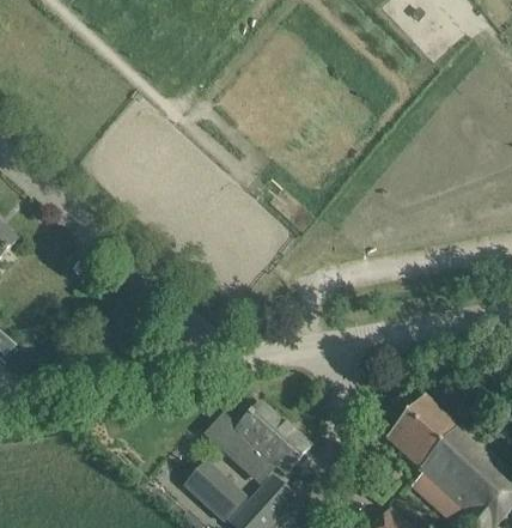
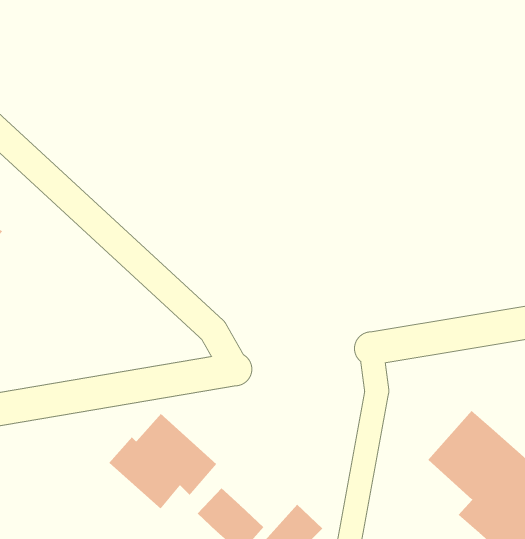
building: [214,400,309,484] -> [109,413,217,510]

